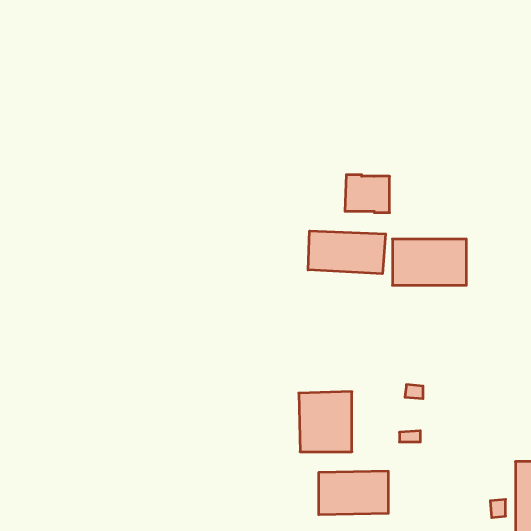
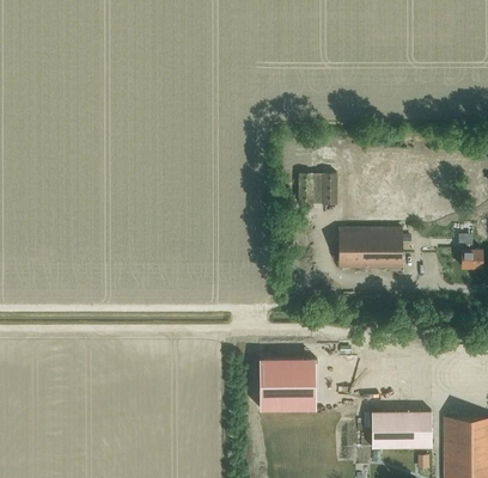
building: [308,231,386,274] -> none
building: [319,471,388,515] -> [372,411,432,448]

